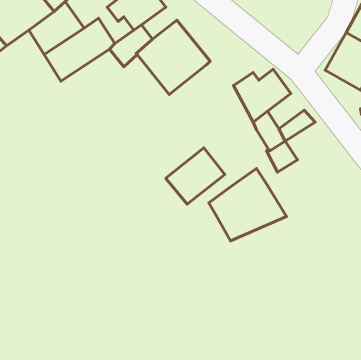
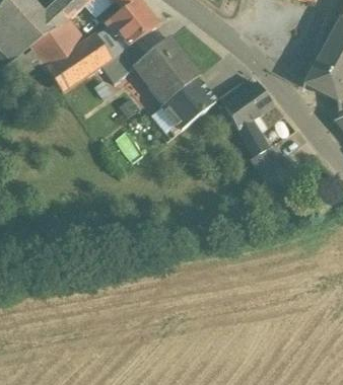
building: [166,148,225,204] -> [161,76,215,128]
building: [209,169,286,241] -> none

